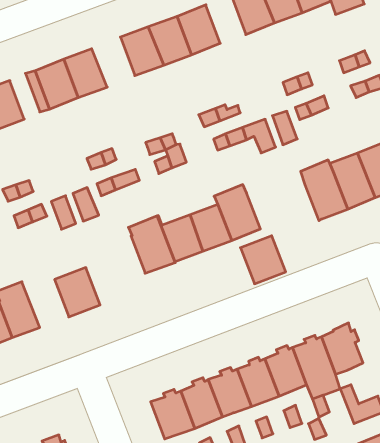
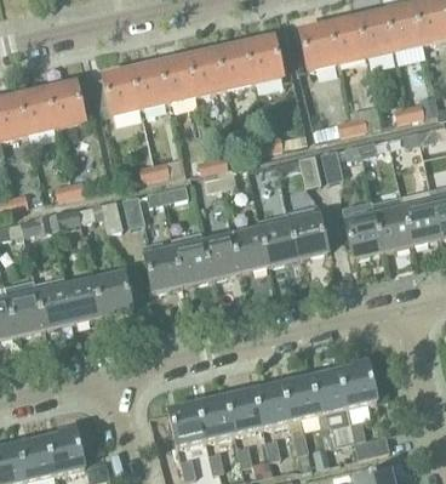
building: none -> [159,56,196,102]
building: none -> [142,240,179,291]
building: [240,236,286,284] -> [287,215,327,258]
building: none -> [61,275,101,323]

